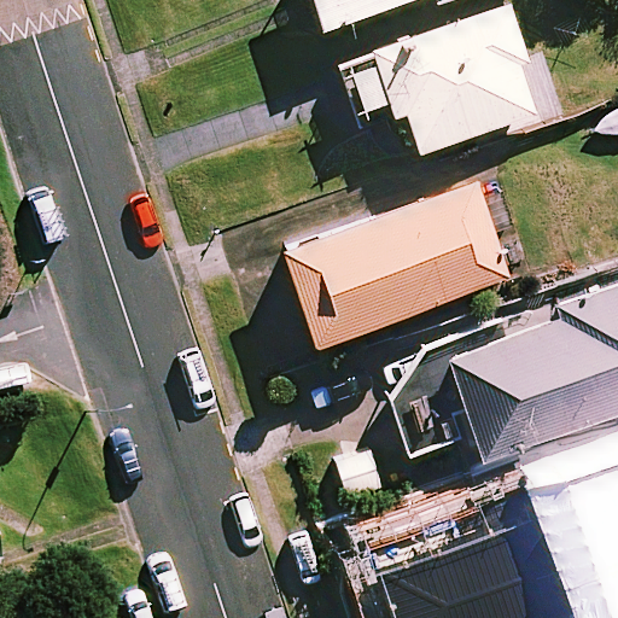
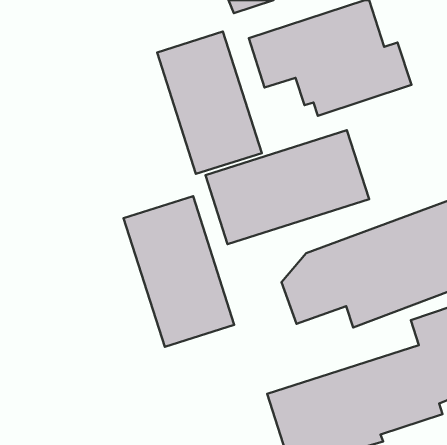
building: none -> [157,31,262,174]
building: none -> [124,196,234,347]

